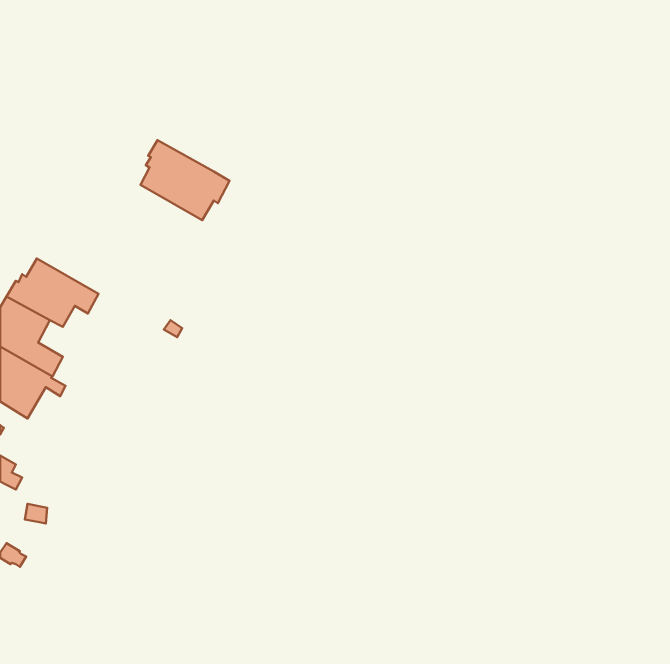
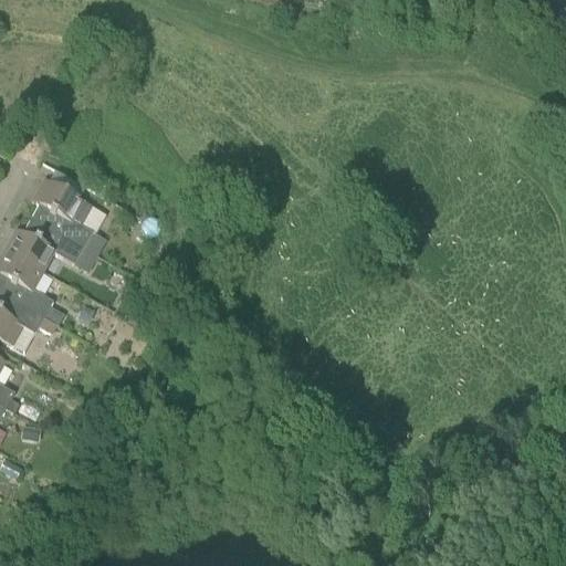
building: [140,140,230,220] -> [31,180,106,248]

